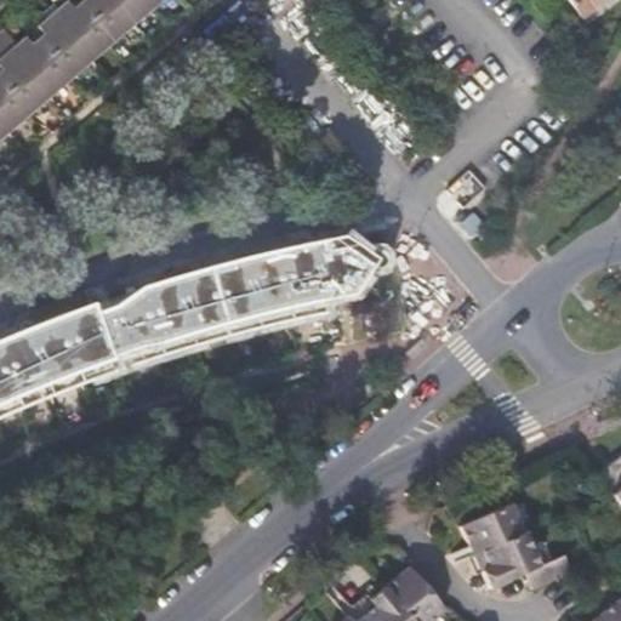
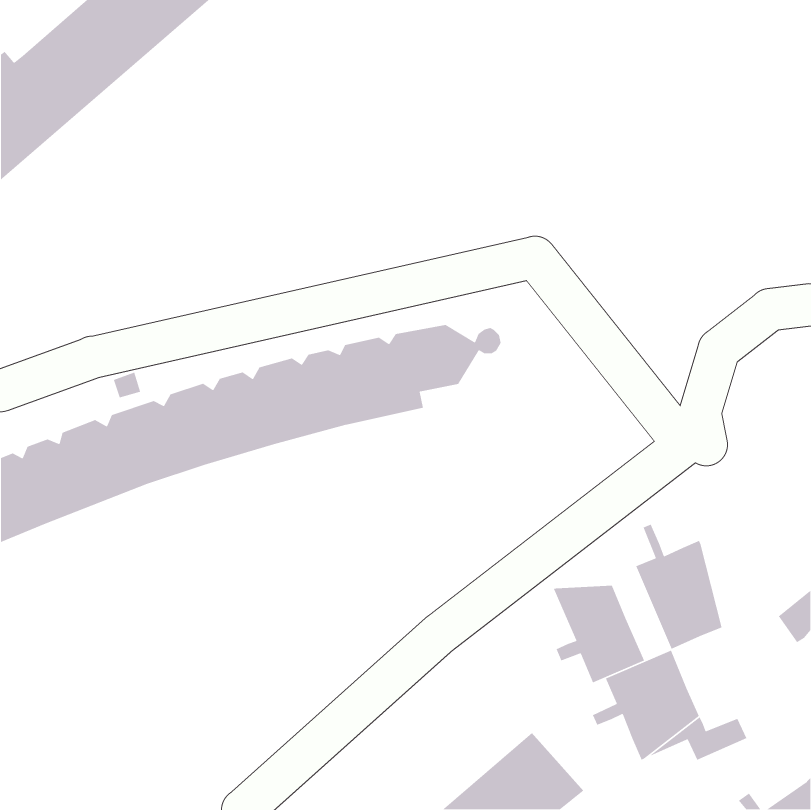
building: none -> [635,523,722,650]
building: none -> [553,585,645,683]

